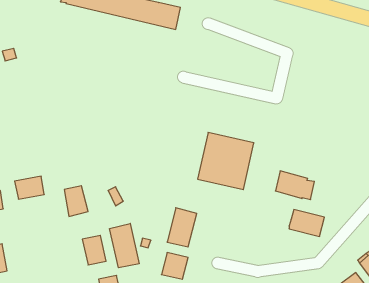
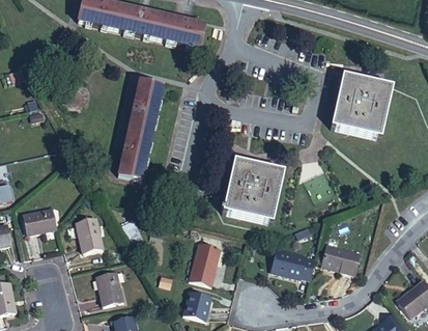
building: none -> [331,76,392,138]
building: none -> [118,82,162,180]
building: [275,171,314,200] -> [272,248,314,279]
building: [110,223,139,268] -> none

